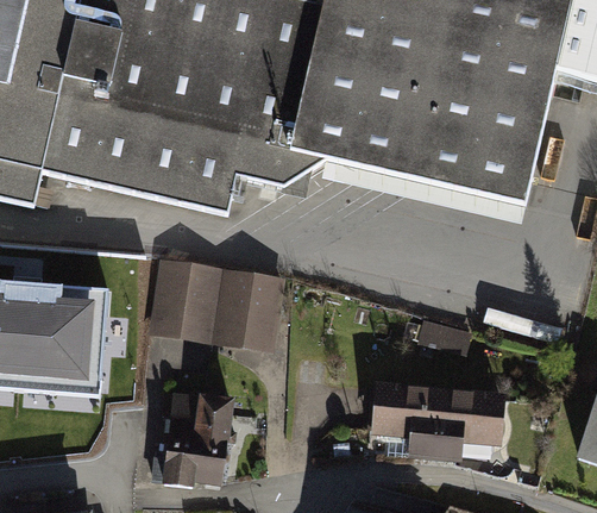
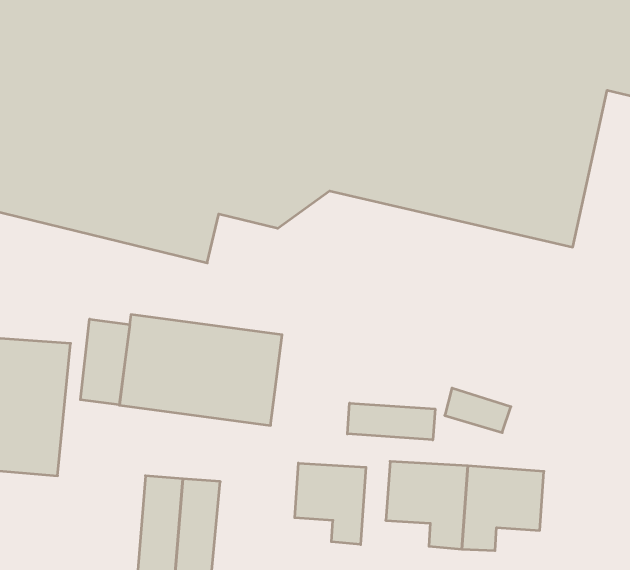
building: none -> [80,319,130,405]
building: none -> [347,403,435,440]
building: none -> [295,463,366,545]

